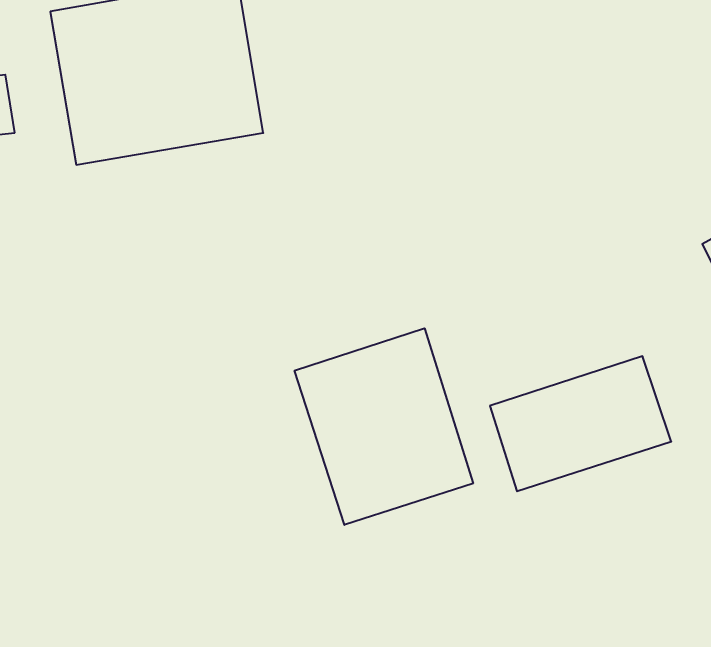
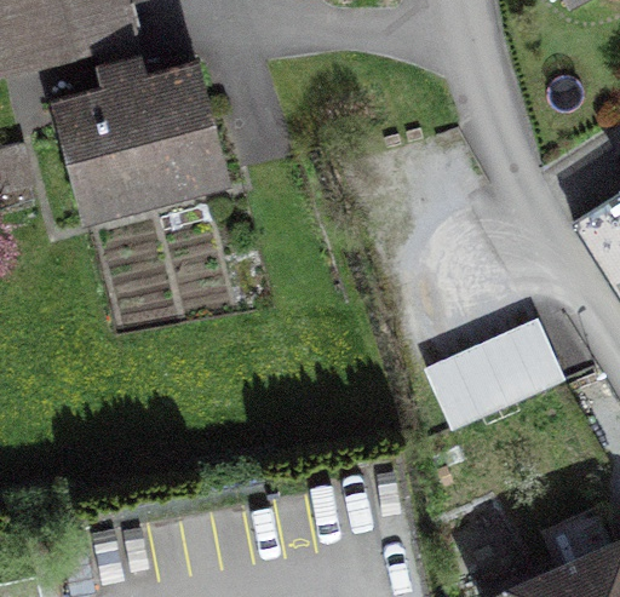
building: [295,328,473,525] -> none

